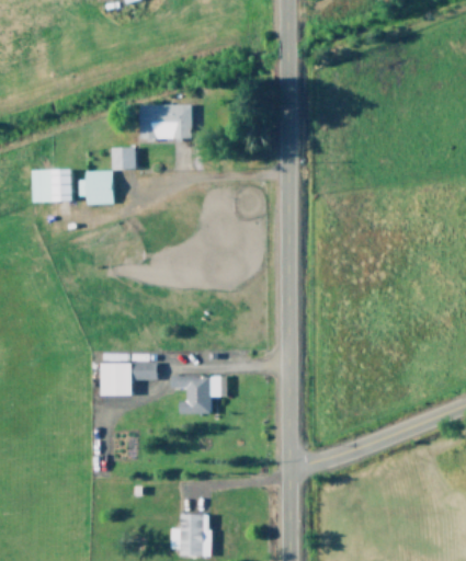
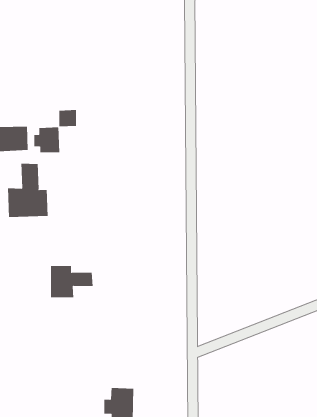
building: [140,104,193,138] -> none
building: none -> [8,163,48,218]
building: [171,376,227,414] -> none

